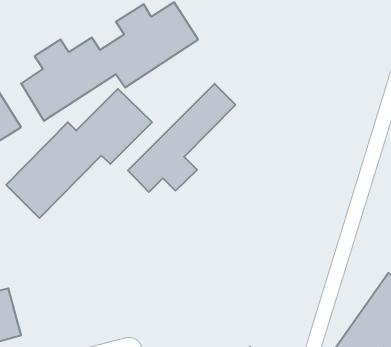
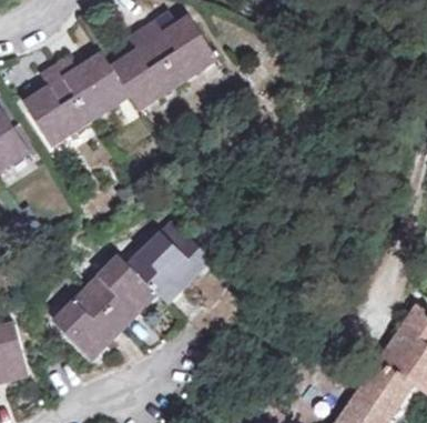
building: [128,84,235,192] -> none
building: [6,89,152,218] -> [54,221,210,359]

